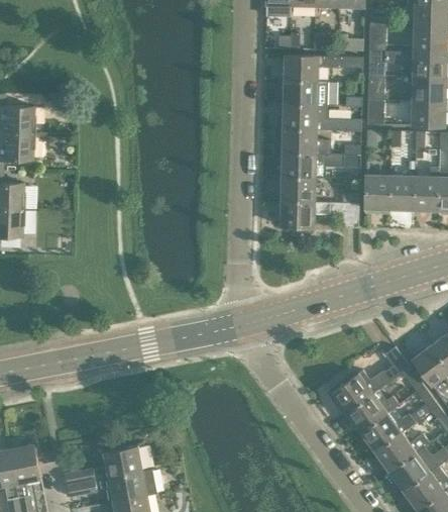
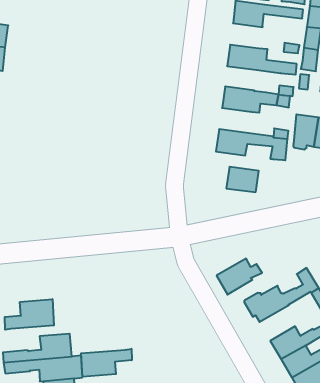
building: [284,81,327,106] -> none
building: [283,129,330,155] -> none
building: [281,177,315,202] -> [226,167,259,192]
building: [347,390,398,432] -> [217,259,262,295]
building: none -> [5,299,54,330]
building: none -> [81,349,132,377]

